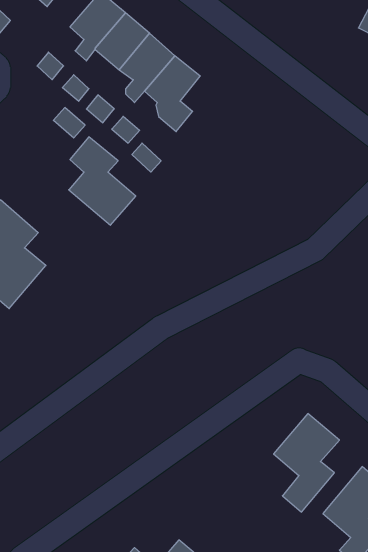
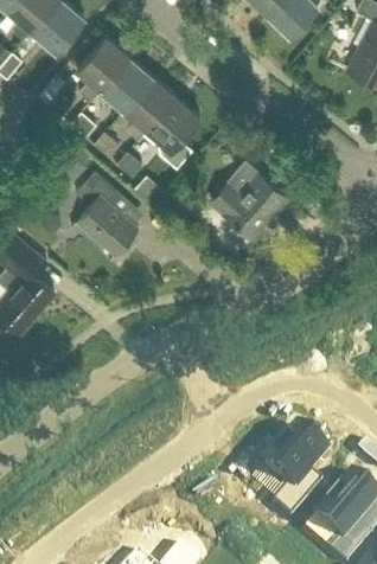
building: none -> [209,162,285,238]

